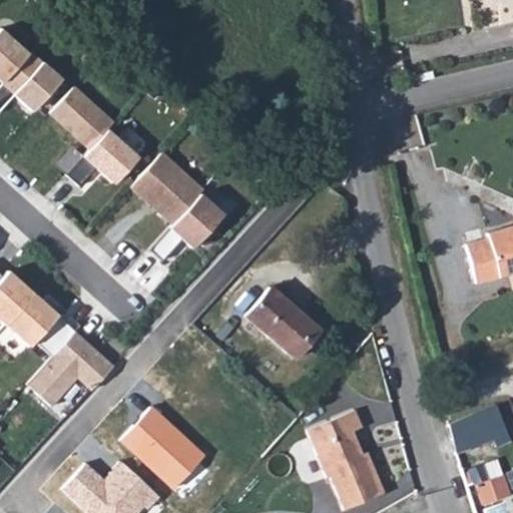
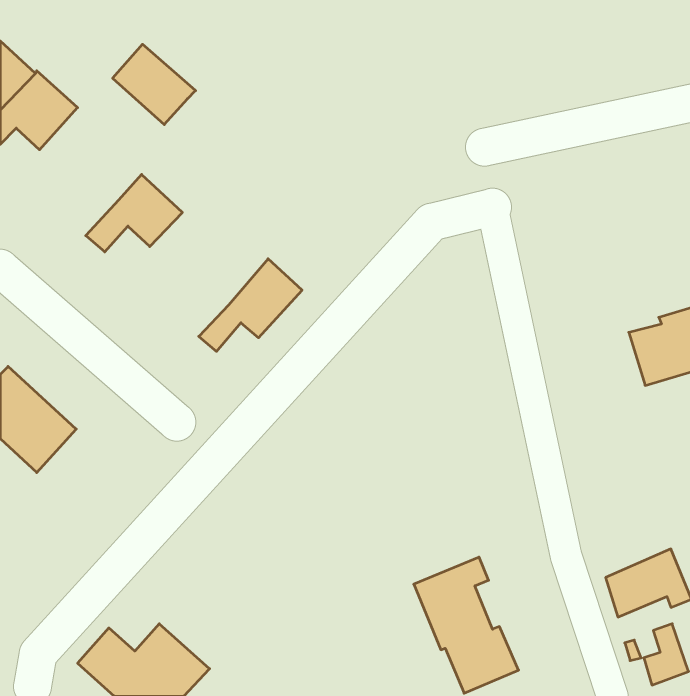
building: [53,88,114,147] -> [113,44,196,125]
building: [132,156,201,224] -> none
building: [246,288,321,359] -> none
building: [28,329,117,406] -> none
building: [120,405,205,489] -> none

